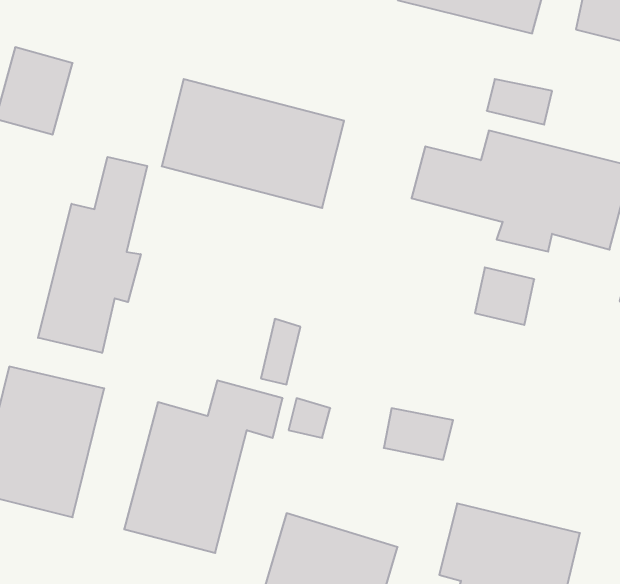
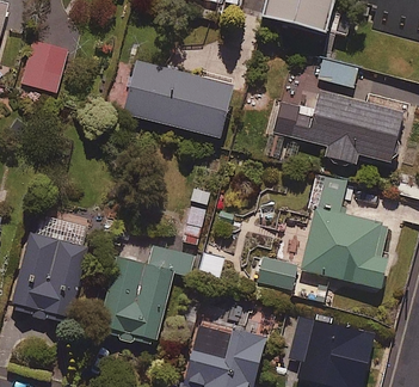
building: [38,157,147,353] -> none
building: none -> [301,208,387,288]

